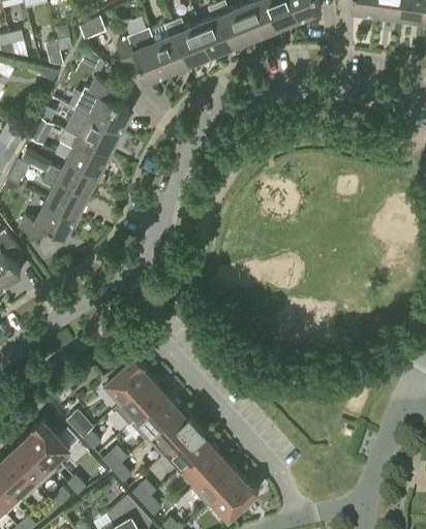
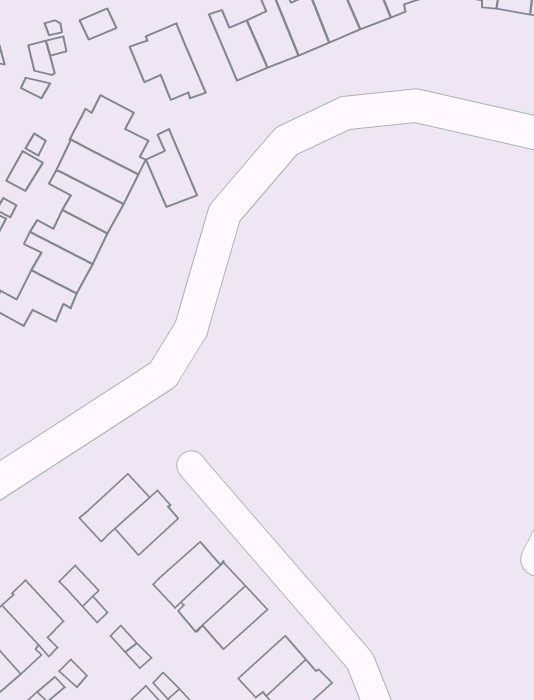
building: [155,22,191,76] -> [146,129,197,207]
building: [116,376,165,424] -> [79,474,150,541]
building: [182,440,225,489] -> none

